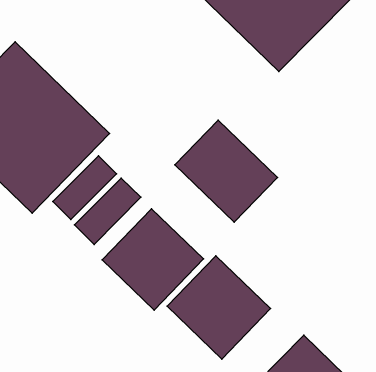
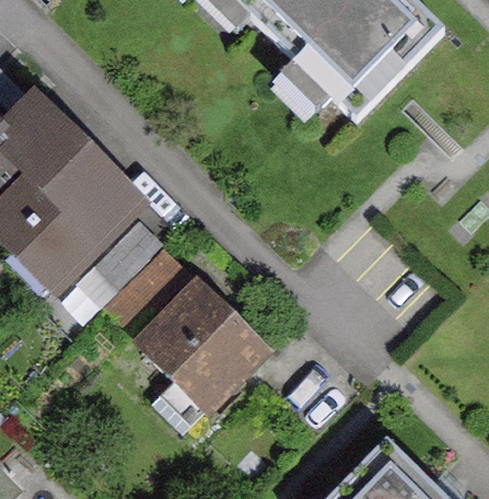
building: [175,120,277,222] -> none
building: [167,256,271,359] -> none

